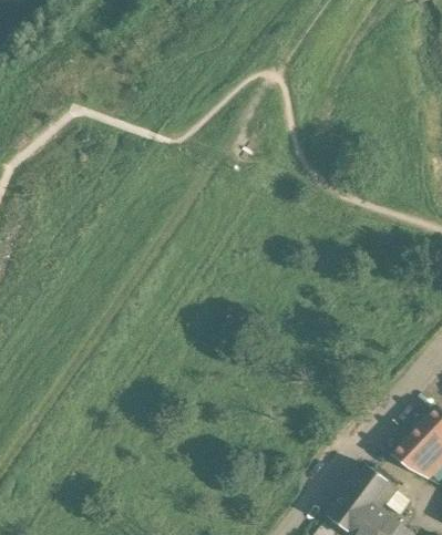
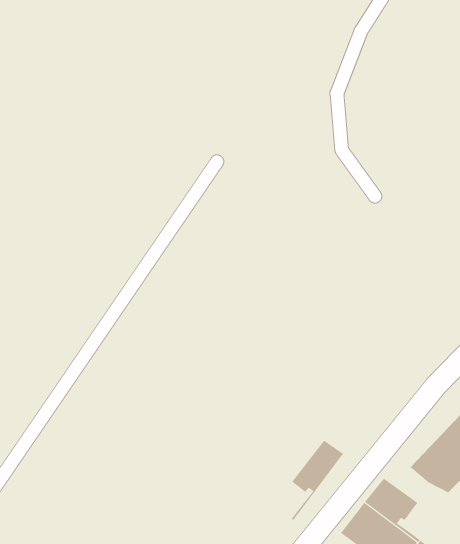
building: none -> [291,440,344,520]

